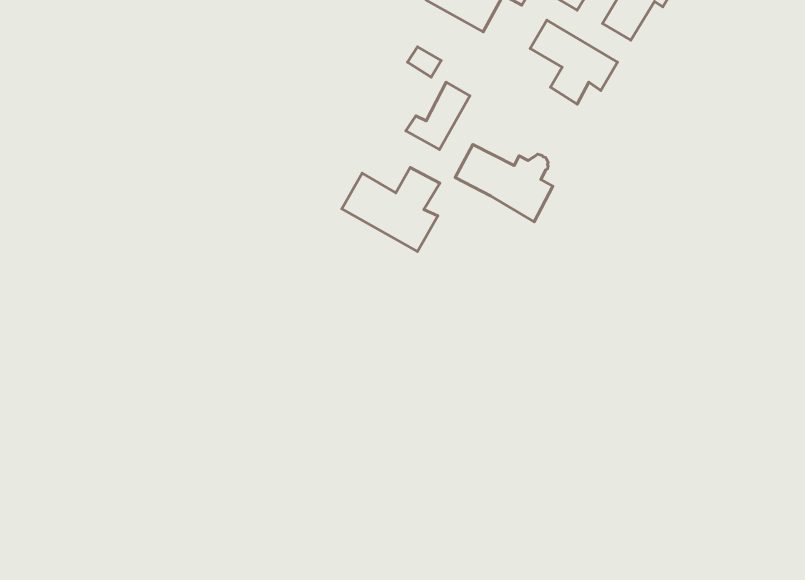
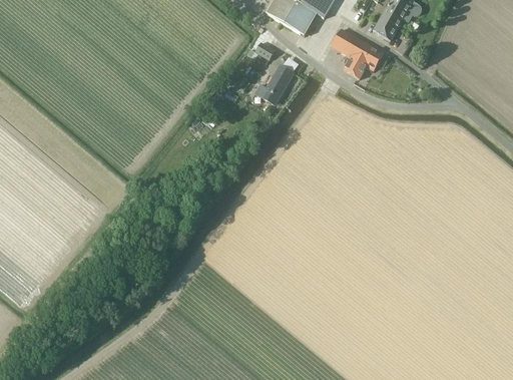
building: [455,144,553,222] -> none
building: [342,168,440,252] -> none

